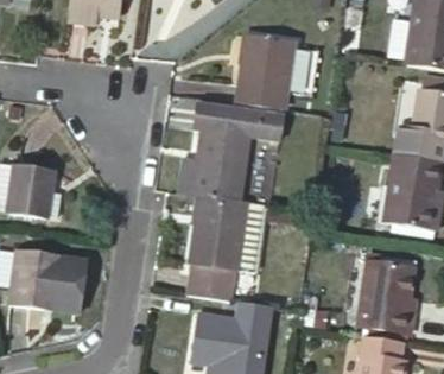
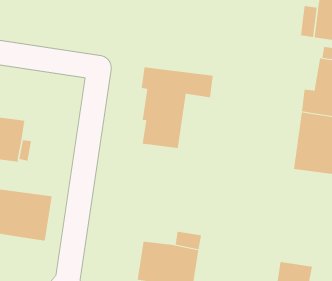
building: [237,31,296,106] -> none
building: [192,194,255,299] -> none
building: [357,260,413,332] -> none

